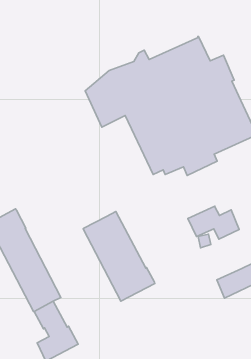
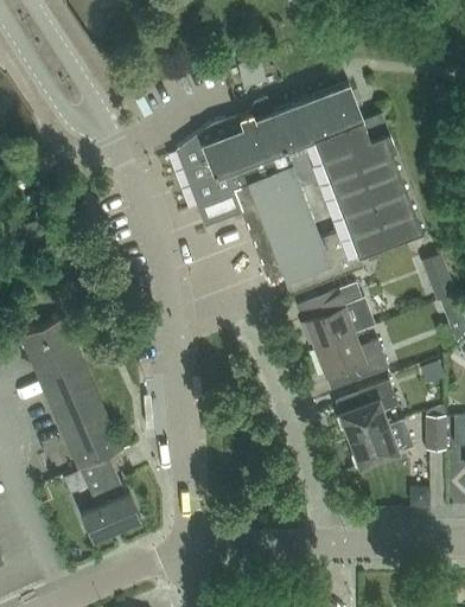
building: none -> [299,285,372,350]
building: [83,212,155,301] -> none
building: none -> [339,382,397,442]

